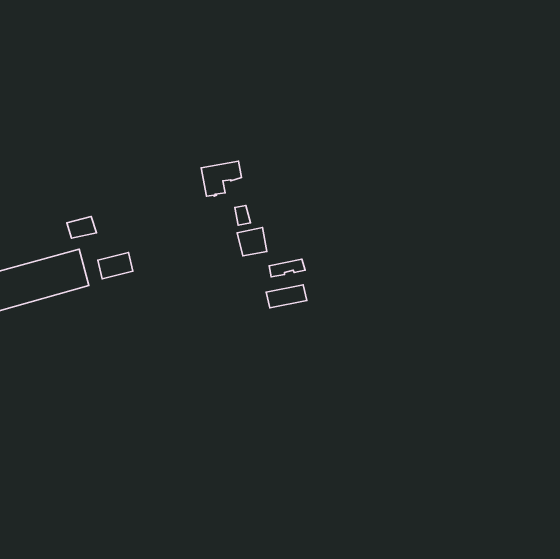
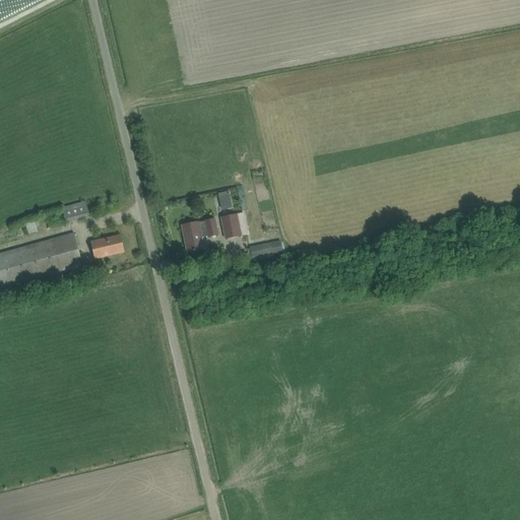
building: [201,161,242,196] -> [181,217,218,250]
building: [266,285,307,308] -> none

